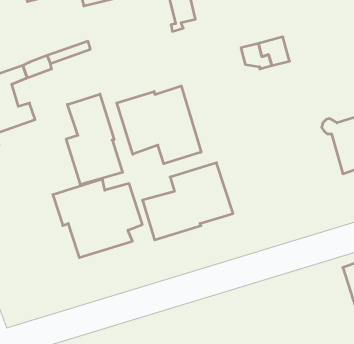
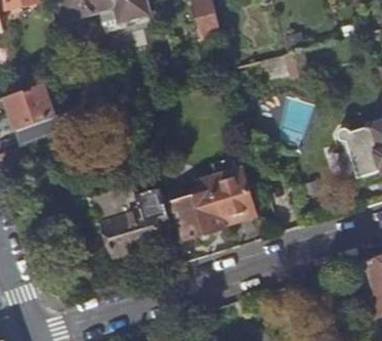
building: [117,86,201,164] -> none
building: [66,94,123,185] -> none

